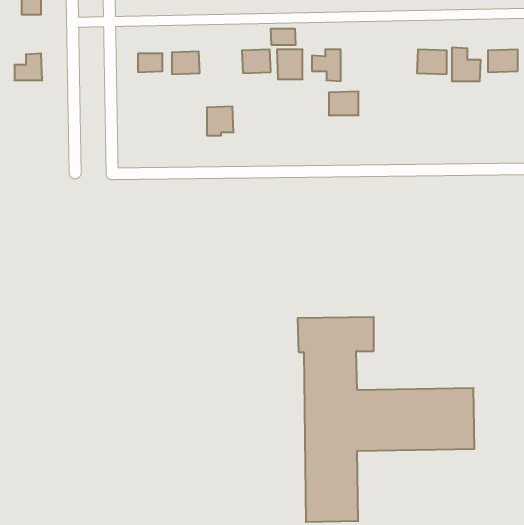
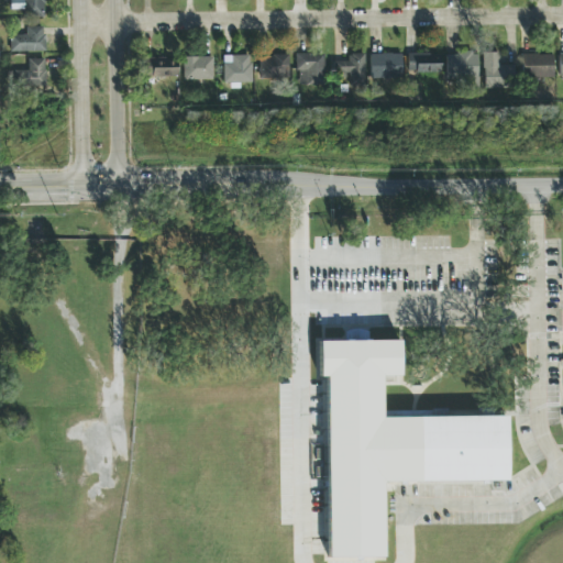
building: none -> [12,25,47,51]
building: [271,29,295,45] -> none
building: none -> [409,53,442,71]
building: [329,92,359,115] -> [372,52,404,77]
building: [207,107,234,135] -> [225,54,254,85]

